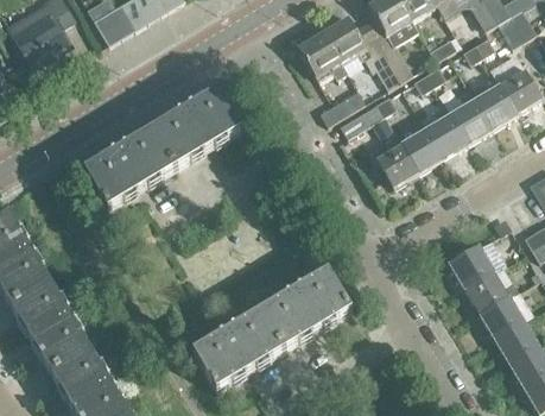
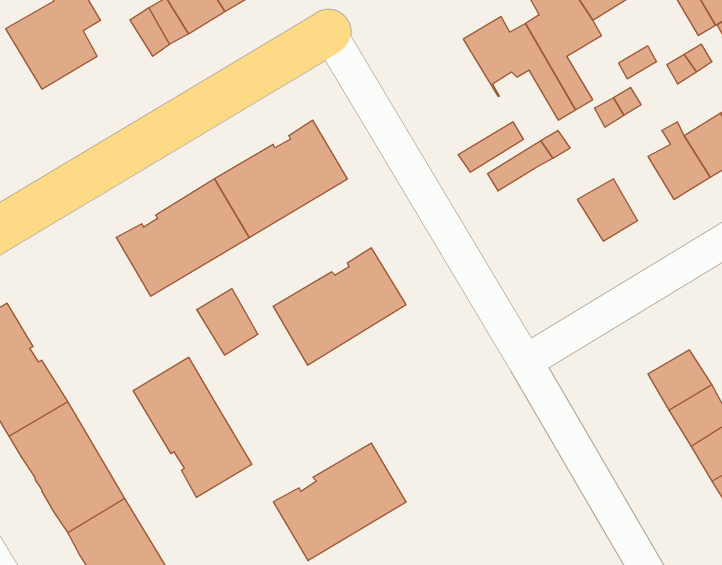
building: [298,30,347,75] -> none
building: [426,102,468,155] -> none
building: [375,132,419,184] -> none
building: none -> [197,289,258,355]
building: none -> [133,357,252,497]
building: [260,267,351,348] -> [273,248,406,365]

